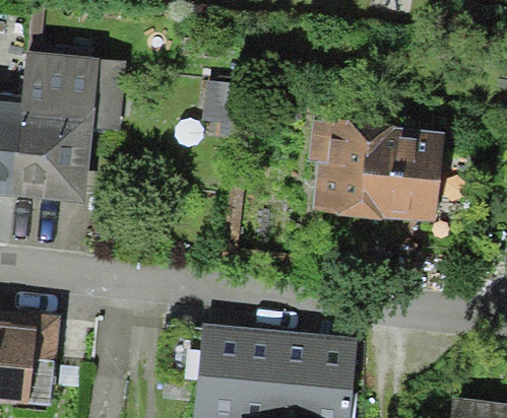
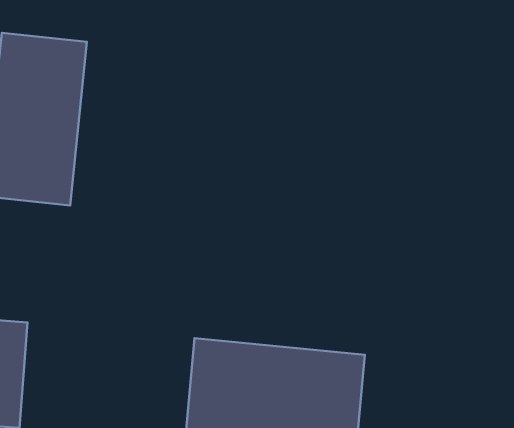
building: [306,120,448,227] -> none

